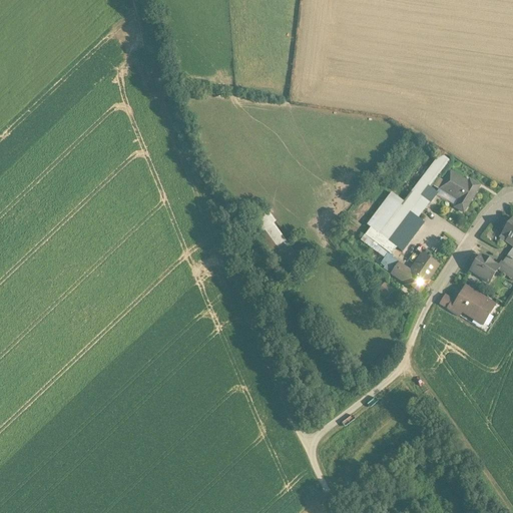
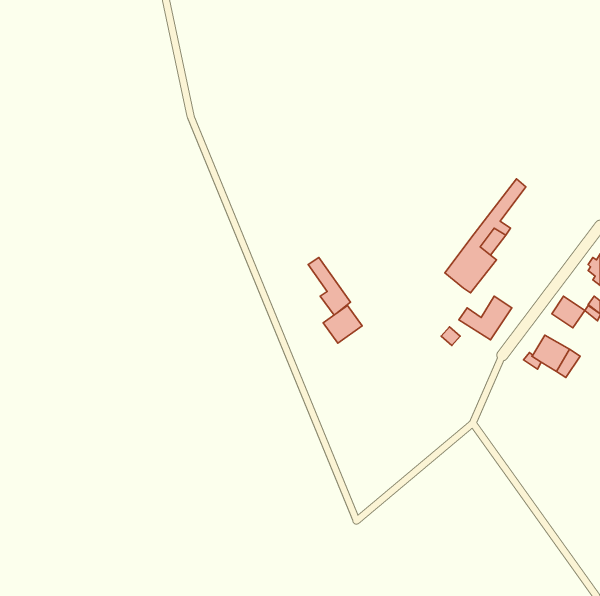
building: [439,169,479,210] -> none
building: [362,190,404,252] -> none
building: none -> [323,305,362,343]

